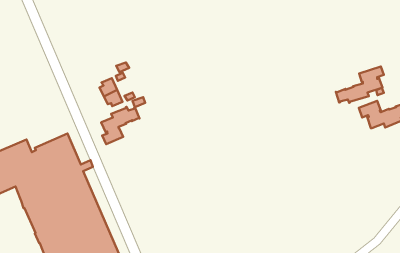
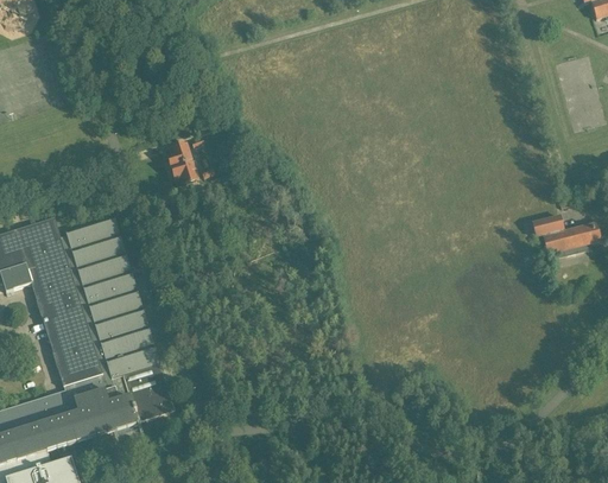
building: [336,66,384,103] -> none
building: [101,107,140,144] -> none

